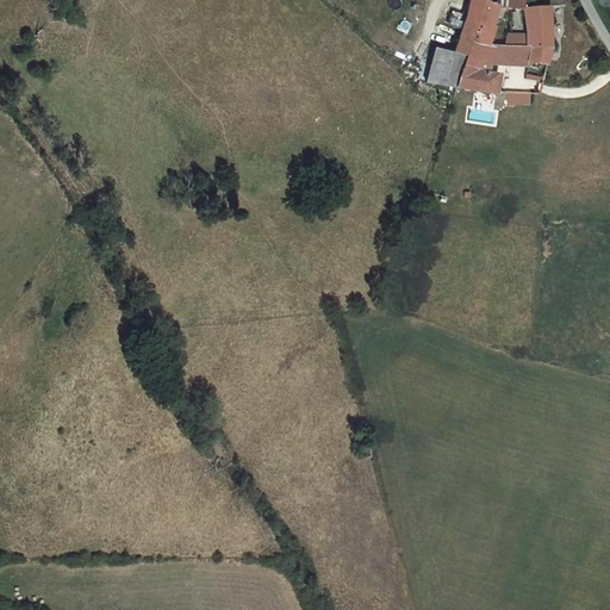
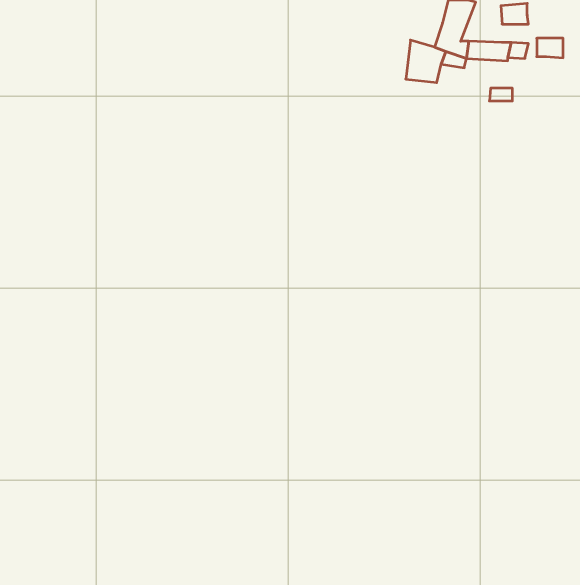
building: [528,26,555,46] -> [537,38,563,58]
building: [460,68,498,92] -> none

